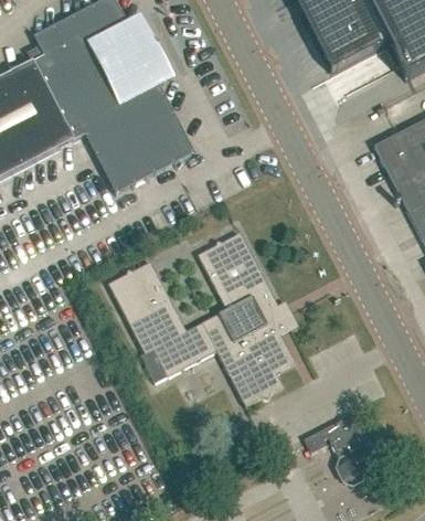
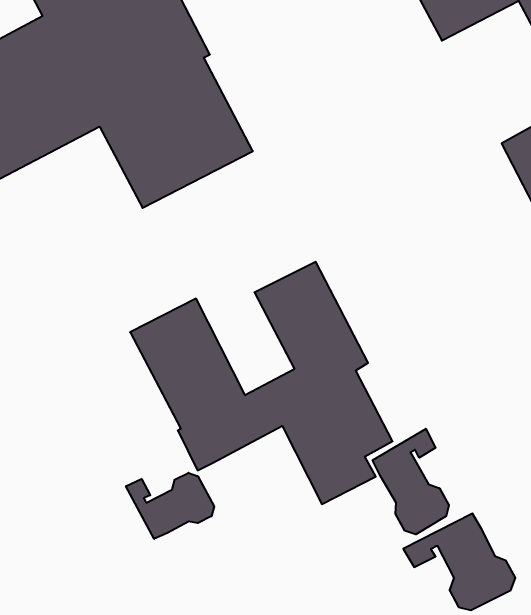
building: none -> [373,429,449,534]
building: none -> [126,473,214,539]

